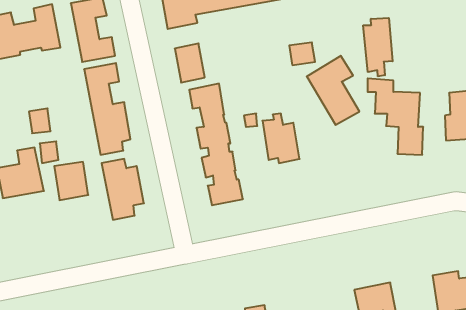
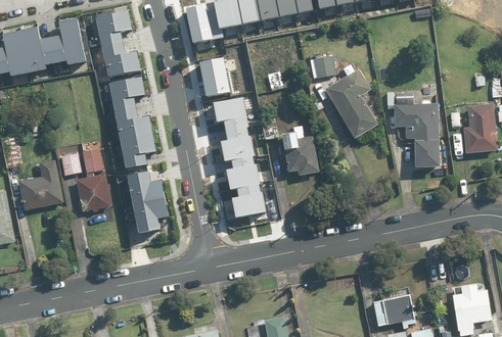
building: [363,18,393,76] -> none
building: [29,108,51,133] -> [82,149,103,174]

